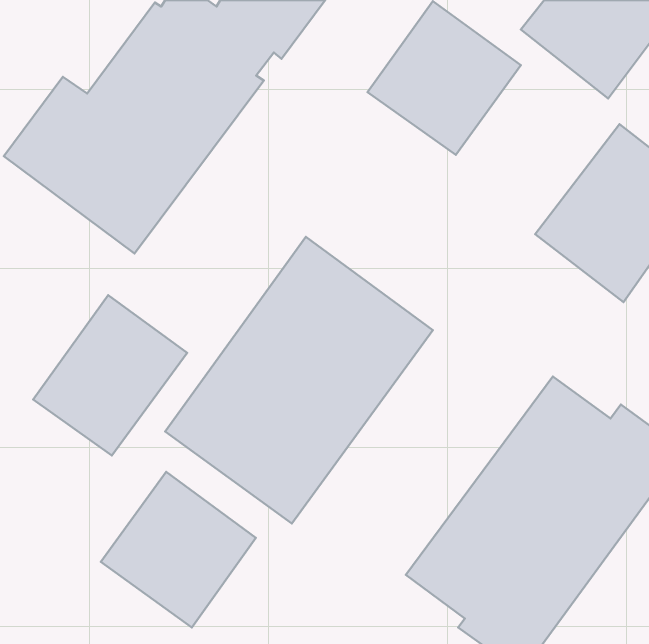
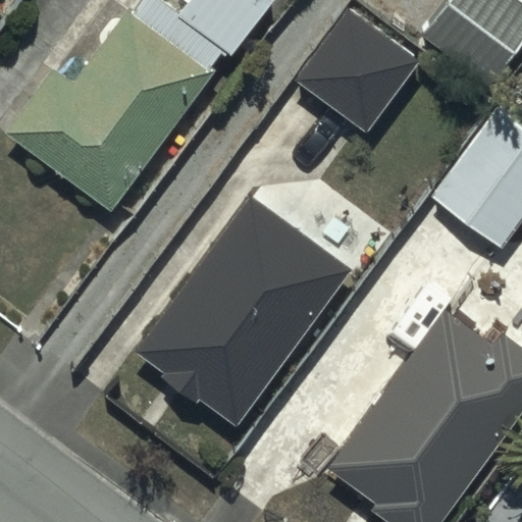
building: [33,295,187,456] -> none
building: [101,472,256,627] -> none

